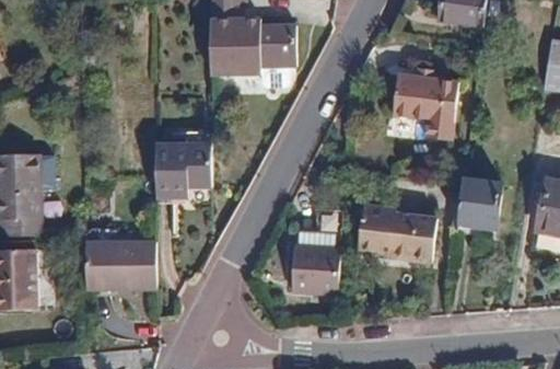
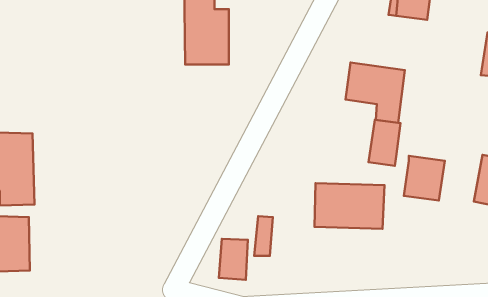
building: [260,24,296,67] -> none
building: [156,132,211,197] -> none
building: none -> [368,120,401,166]
building: [84,241,158,290] -> none
building: [306,249,339,295] -> [219,239,248,280]

